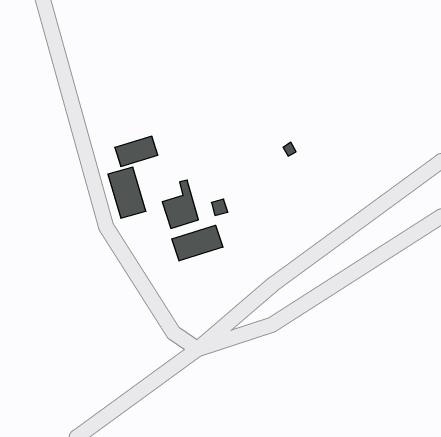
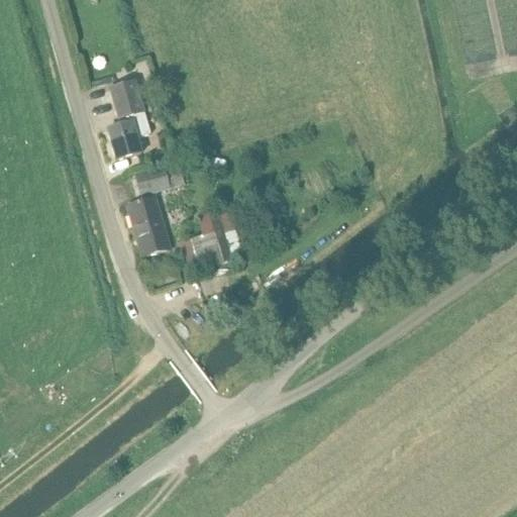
building: none -> [107,80,151,159]
building: [172,225,223,261] -> none

